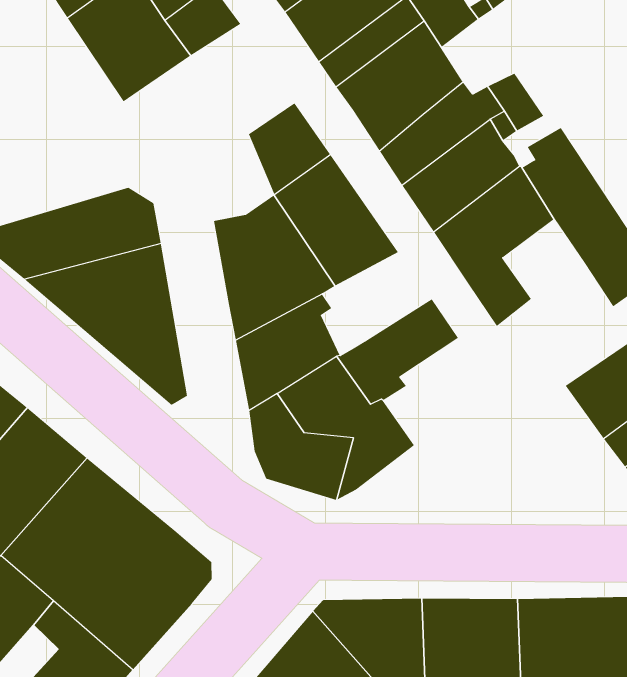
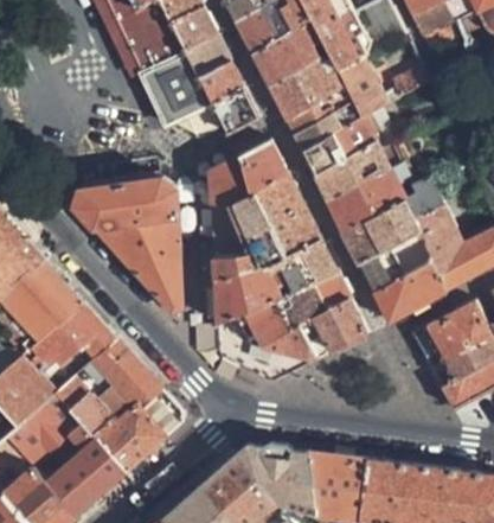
building: none -> [211,88,258,133]
building: none -> [210,155,250,205]
building: none -> [271,240,338,291]
building: none -> [374,261,447,323]
building: none -> [312,296,370,353]

